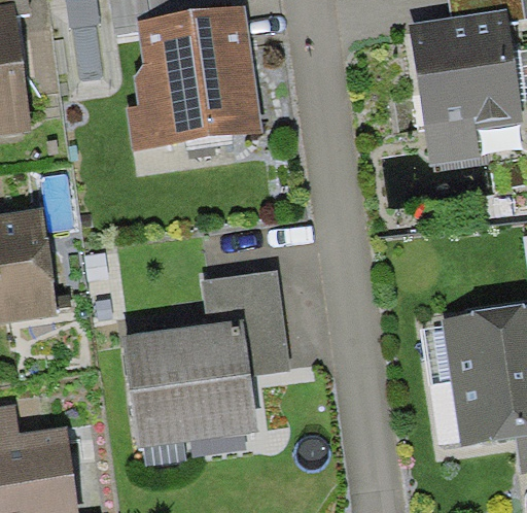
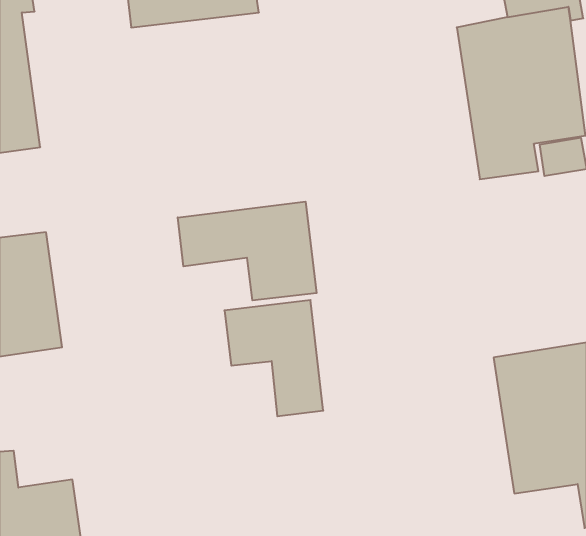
building: [133,15,254,142] -> none
building: none -> [178,202,317,300]
building: [122,324,255,447] -> none

